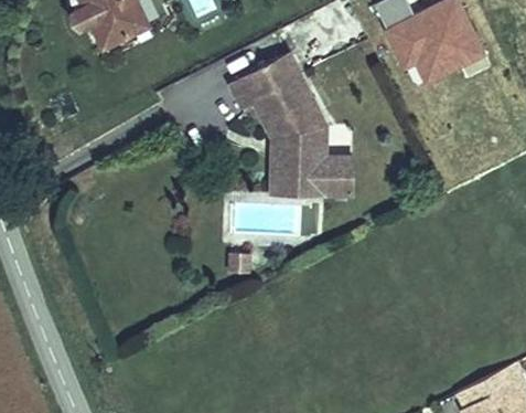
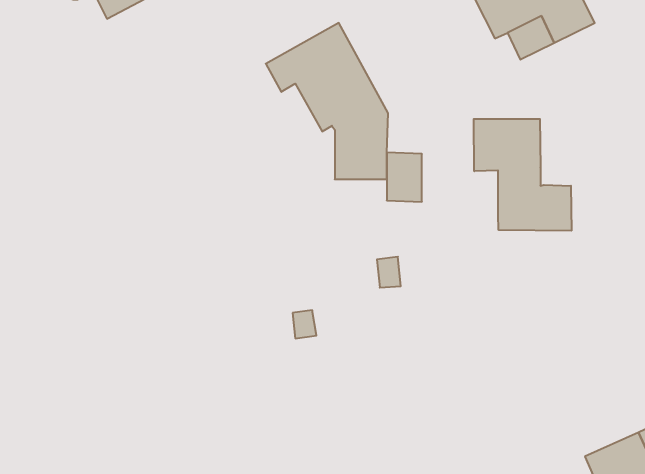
building: none -> [474,119,571,231]
building: [268,124,320,182] -> none

